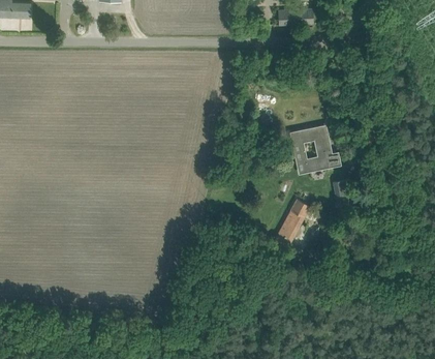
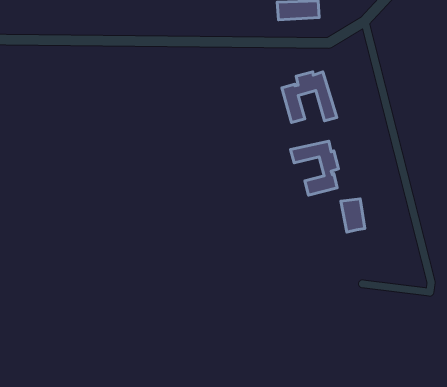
building: none -> [282,72,337,122]
building: [278,197,310,244] -> none

